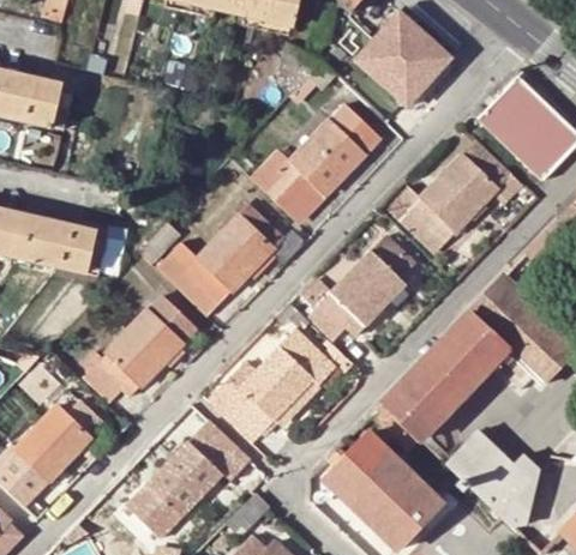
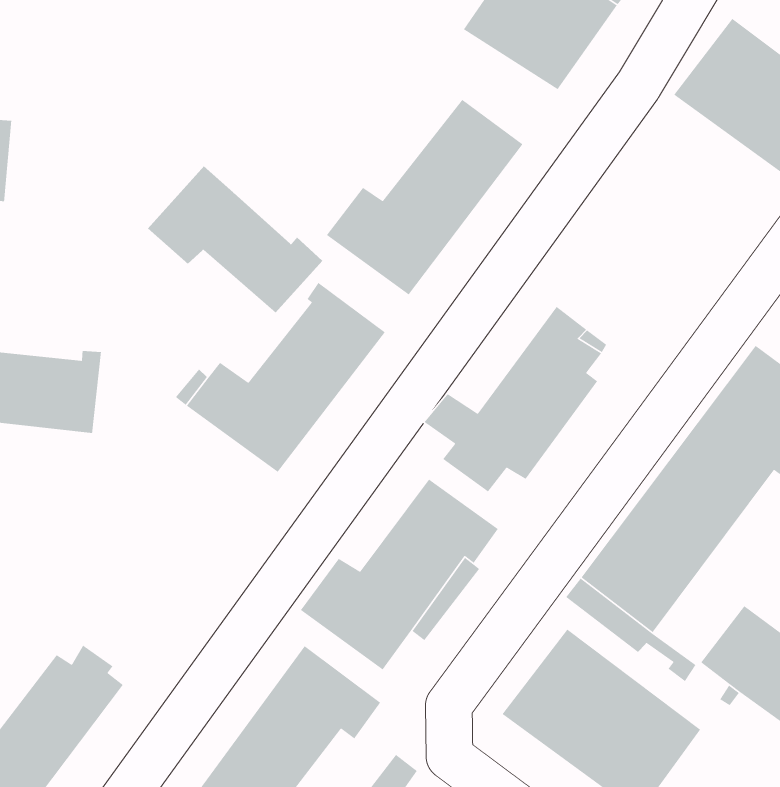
building: none -> [147,165,323,313]
building: [388,140,524,254] -> none
building: [84,294,196,400] -> none

